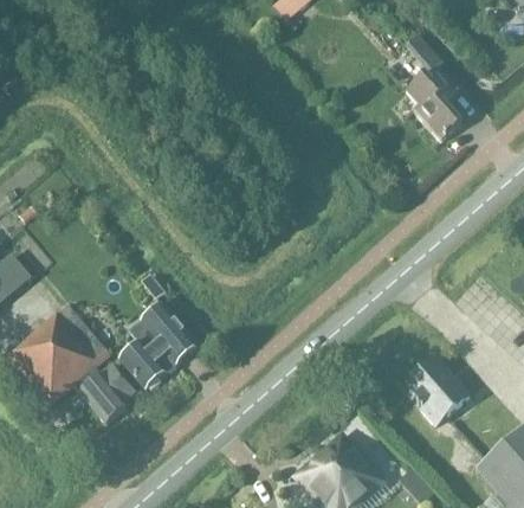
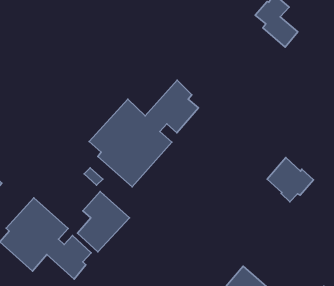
building: none -> [89,80,199,187]
building: [406,361,470,423] -> [267,158,314,202]

